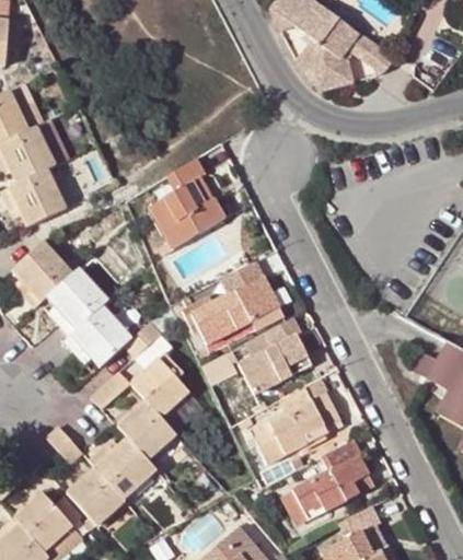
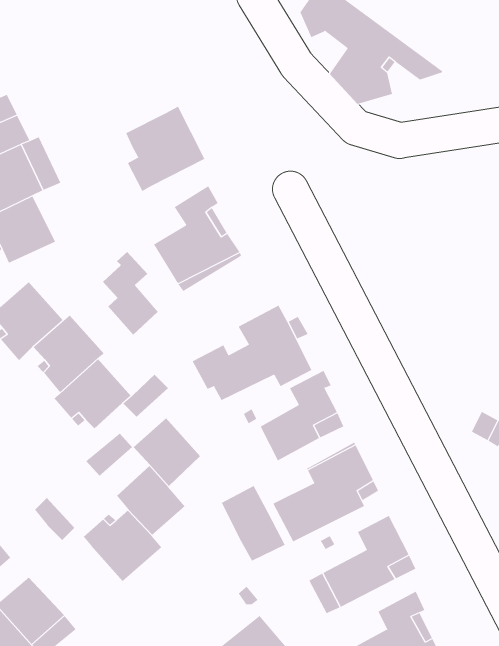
building: none -> [126,106,205,192]
building: none -> [102,251,159,335]
building: none -> [221,485,286,562]
building: [66,467,125,525] -> none

